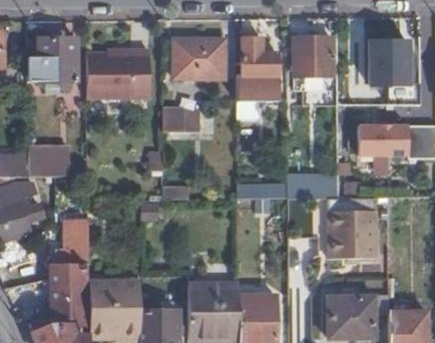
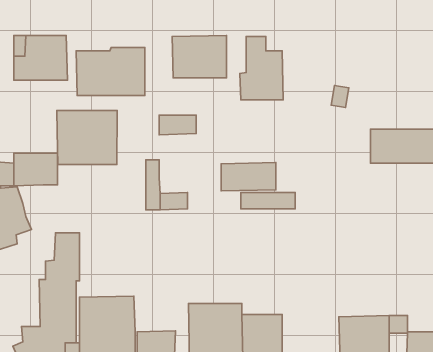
building: [295,38,333,75] -> none
building: [353,44,407,82] -> none
building: none -> [57,111,117,164]
building: [288,173,338,199] -> [221,163,276,191]
building: [327,212,374,257] -> none

